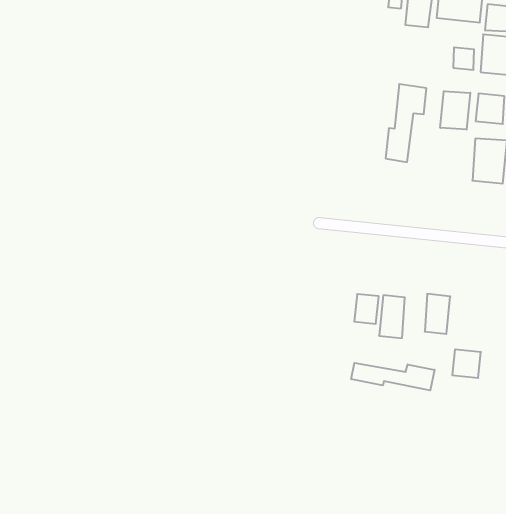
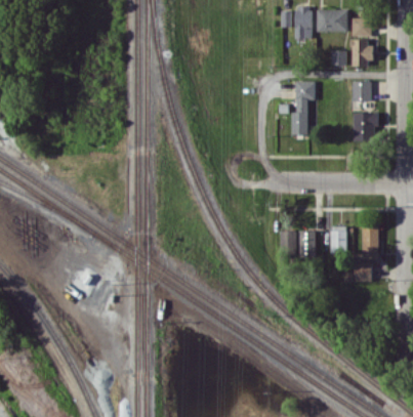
building: [440,91,470,130] -> none
building: none -> [362,224,378,259]
building: [351,363,435,390] -> none

